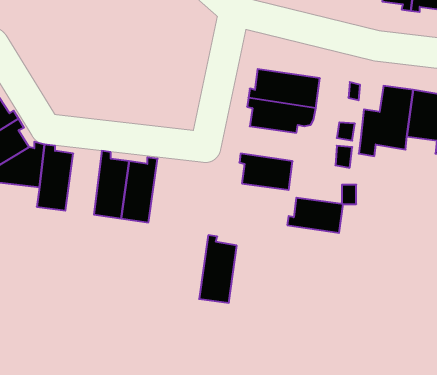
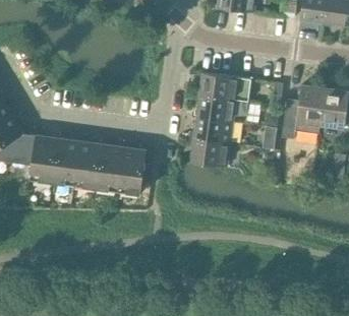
building: none -> [52,135,80,186]
building: [287,198,343,233] -> [189,117,233,144]
building: [199,235,237,303] -> [117,142,147,195]

